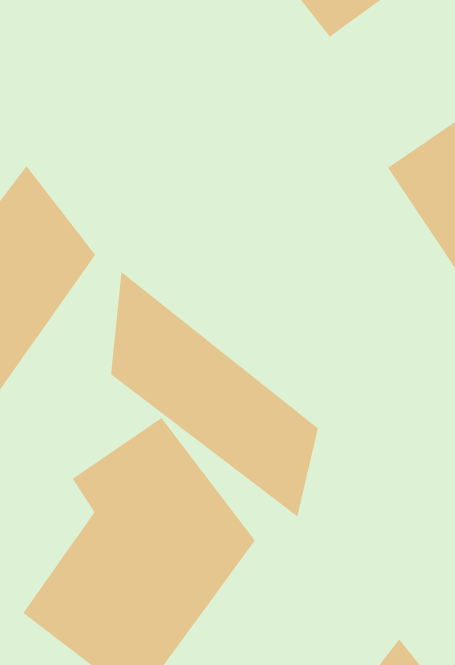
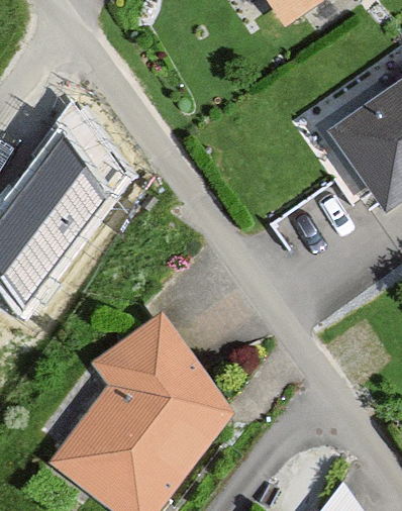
building: [110,271,319,517] -> none

